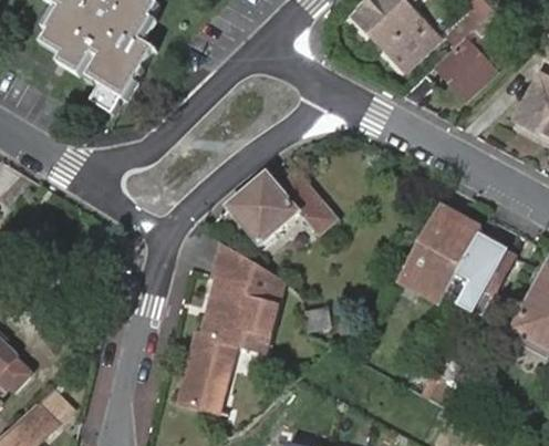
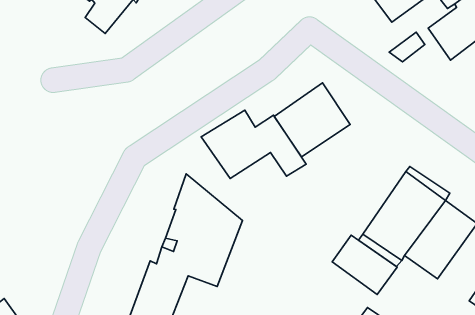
building: none -> [274,83,350,157]
building: none -> [332,235,397,294]

